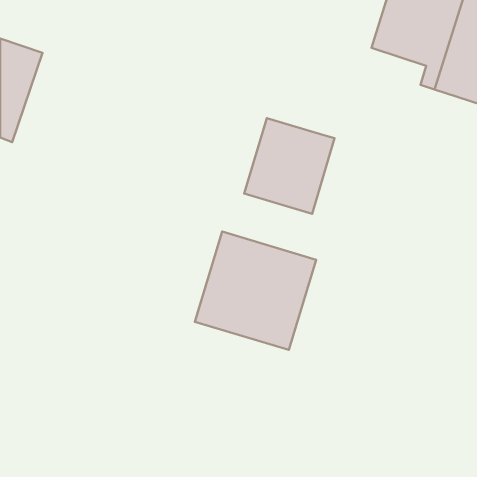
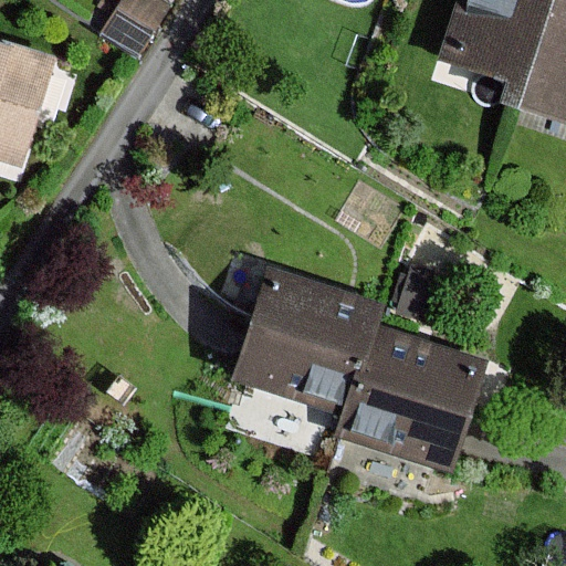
building: [244,118,335,214] -> none
building: none -> [338,327,480,464]

